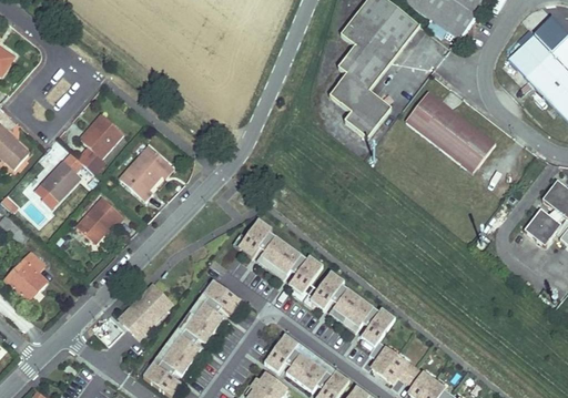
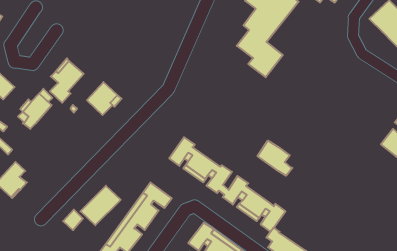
building: [406,90,495,165] -> none
building: [75,197,122,238] -> none
building: none -> [258,141,292,176]

